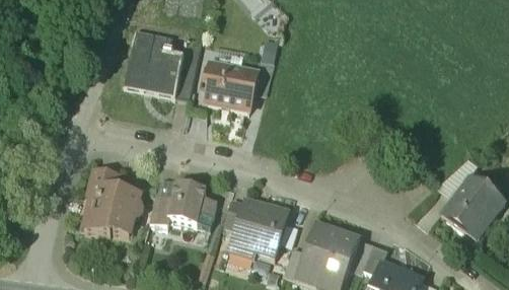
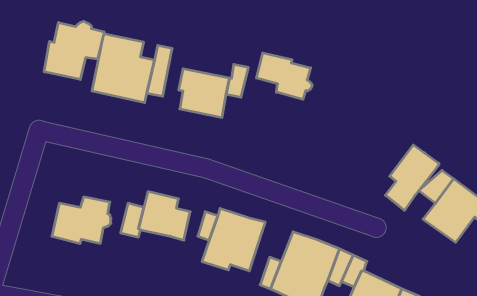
building: none -> [44,21,104,80]
building: none -> [256,53,312,99]
building: none -> [385,145,439,210]
building: [89,171,119,201] -> none

